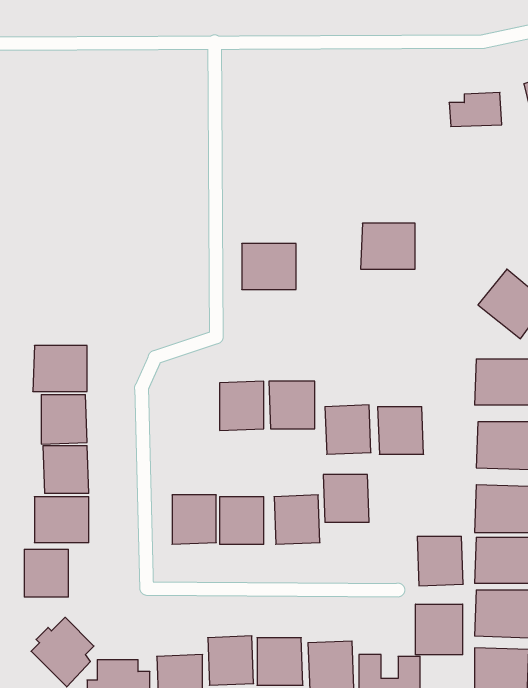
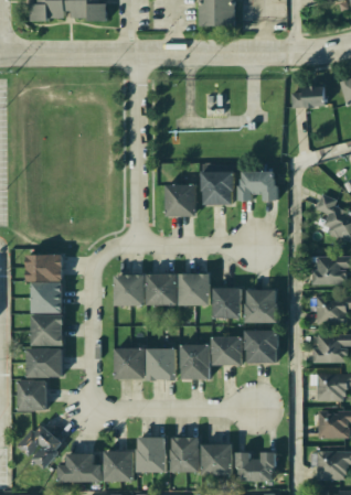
building: none -> [199,170,228,202]
building: none -> [111,272,141,304]
building: [417,536,463,586] -> [245,331,275,363]
building: [416,604,463,655] -> none

